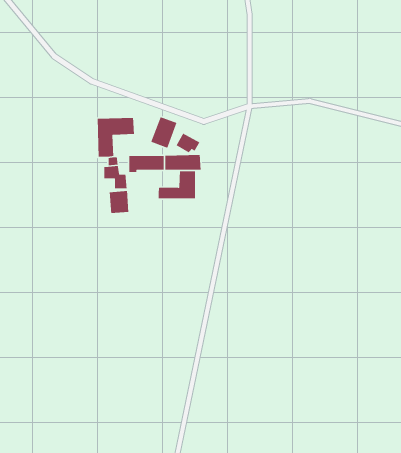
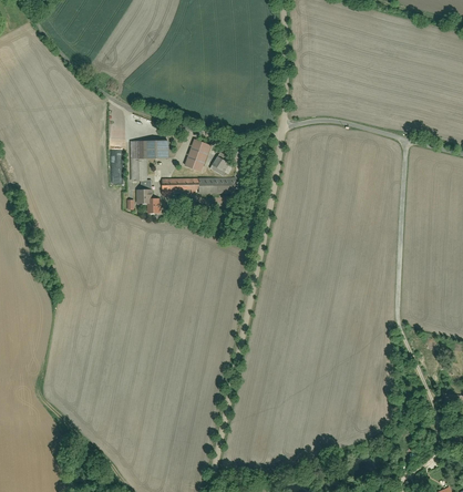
building: [158,171,196,199] -> none
building: [109,190,129,214] -> none

